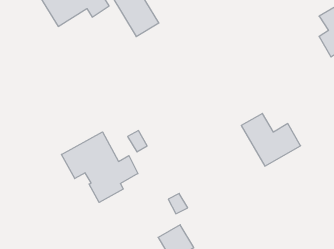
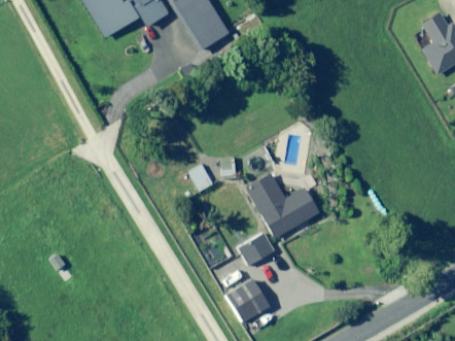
building: [241,113,301,166] -> [247,173,319,237]
building: [61,132,138,202] -> none

